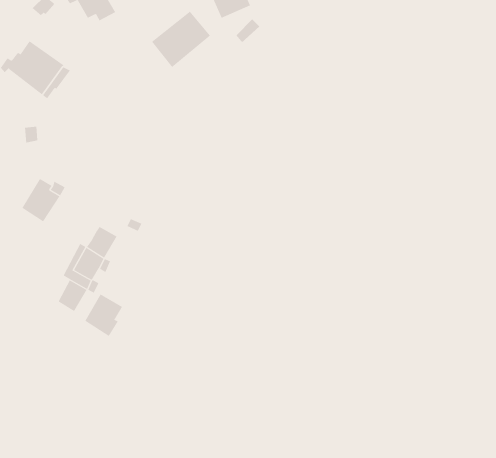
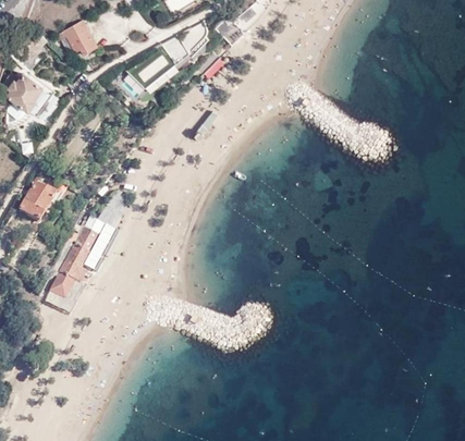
building: [84,294,123,337] -> none

